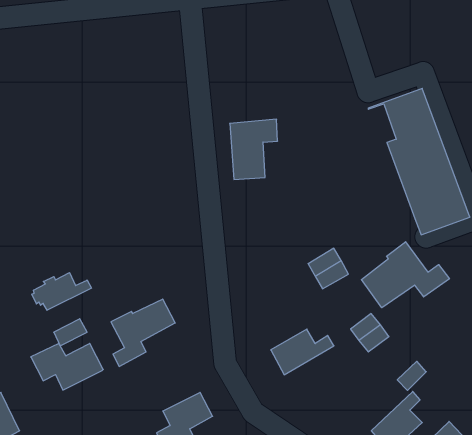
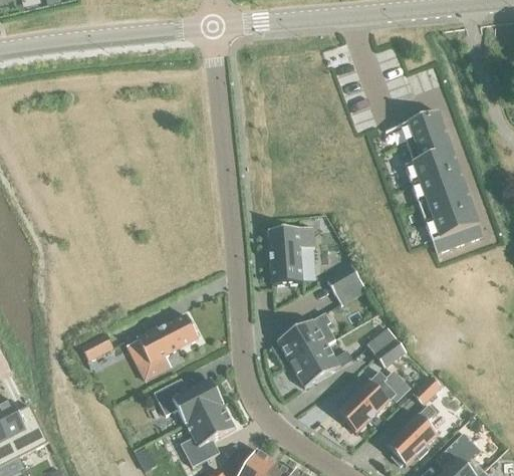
building: [230,119,278,179] -> [268,226,314,284]
building: [361,242,449,308] -> none
building: [32,273,91,310] -> none
building: none -> [277,312,335,364]
building: [31,343,103,390] -> [154,379,224,424]
building: none -> [337,370,397,432]

